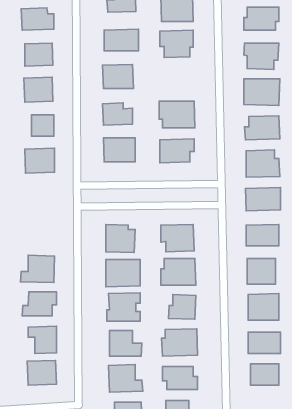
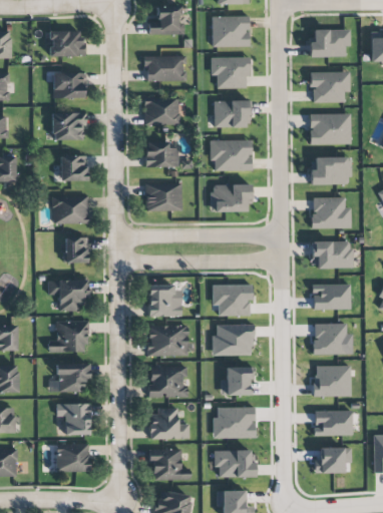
building: none -> [215,100,250,127]
building: none -> [65,236,88,262]
building: none -> [48,279,87,311]

